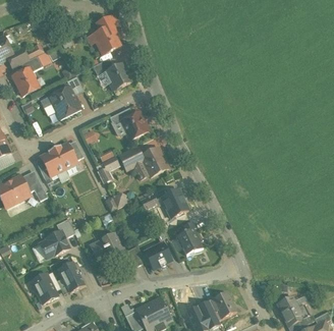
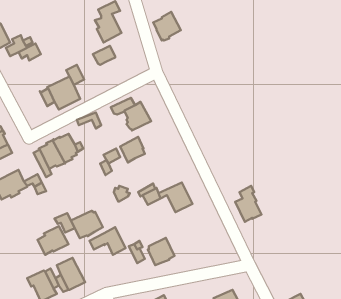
building: [105,63,131,91] -> [153,12,181,41]
building: [12,67,39,96] -> none
building: [132,148,168,179] -> none
building: none -> [71,211,103,238]
building: [176,221,202,256] -> [235,186,262,222]

